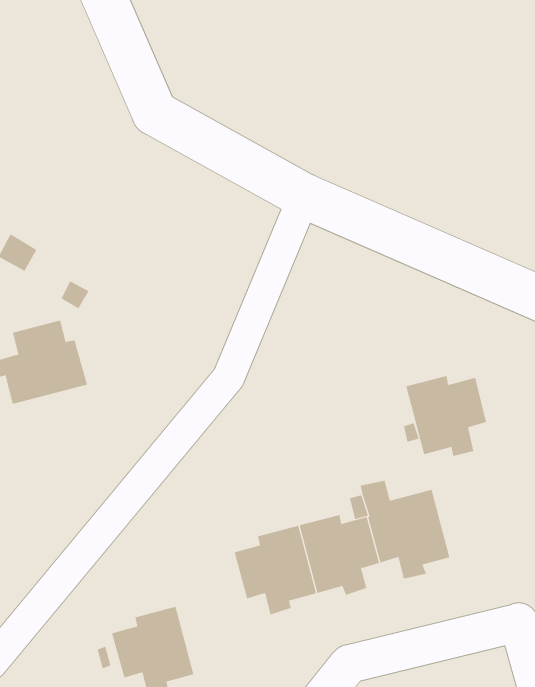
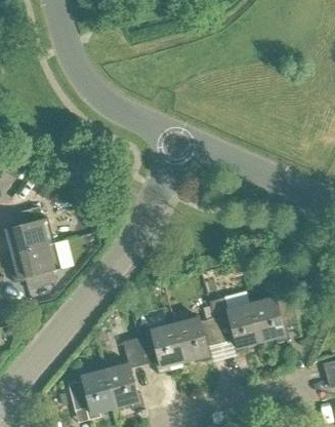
building: [406,375,487,456] -> [250,297,296,343]
building: none -> [11,243,60,290]
building: none -> [104,339,144,409]

